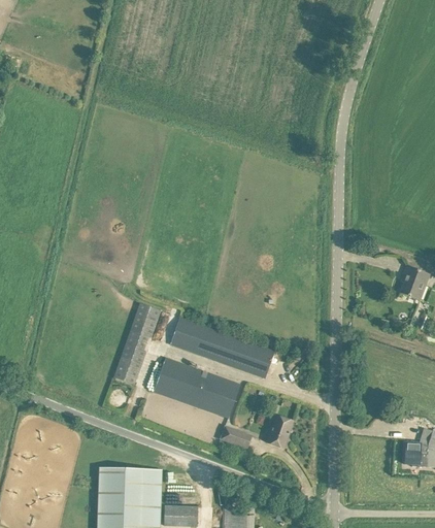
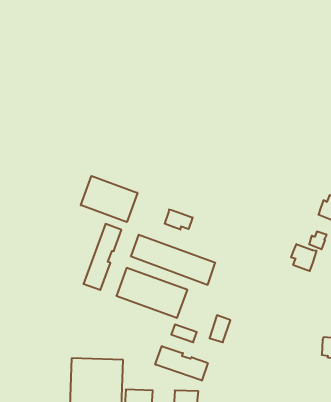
building: none -> [81,176,137,222]
building: none -> [165,209,193,230]
building: none -> [291,244,316,271]
building: none -> [155,346,208,381]

